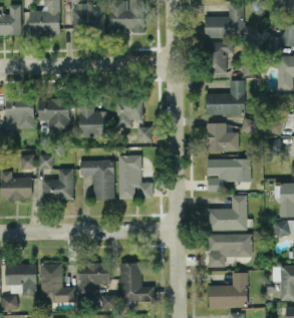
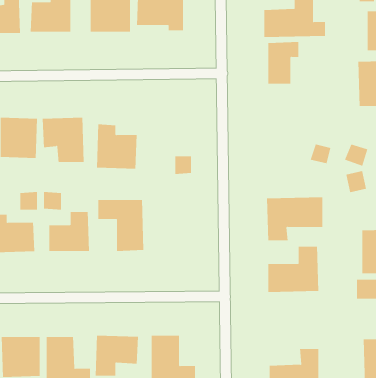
building: [206,80,245,115] -> none
building: [116,100,142,128] -> none
building: [206,122,238,151] -> none
building: [117,155,153,200] -> none
building: [207,234,252,267] -> none

